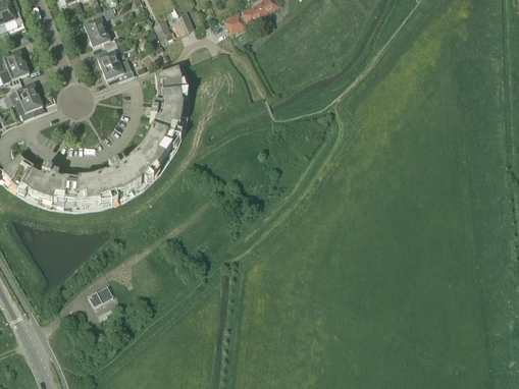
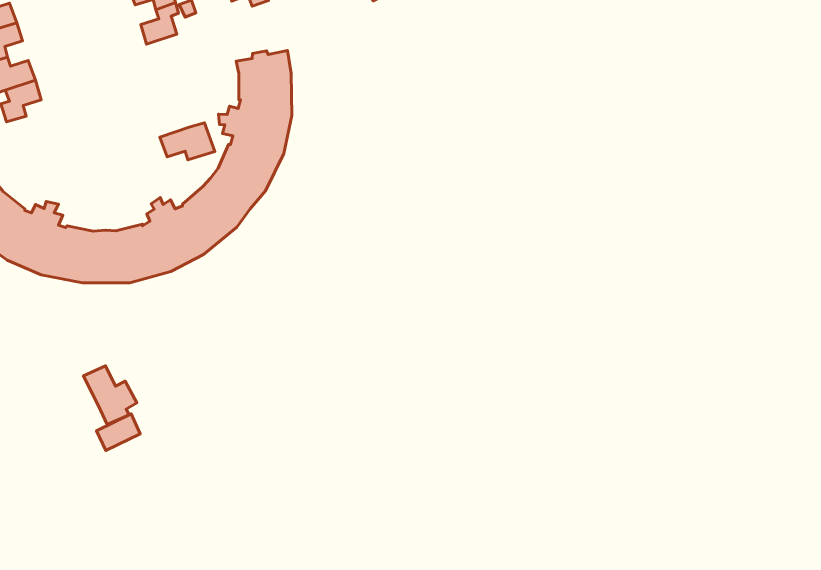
building: [101,58,134,80] -> [160,123,215,160]
building: none -> [83,366,137,425]

